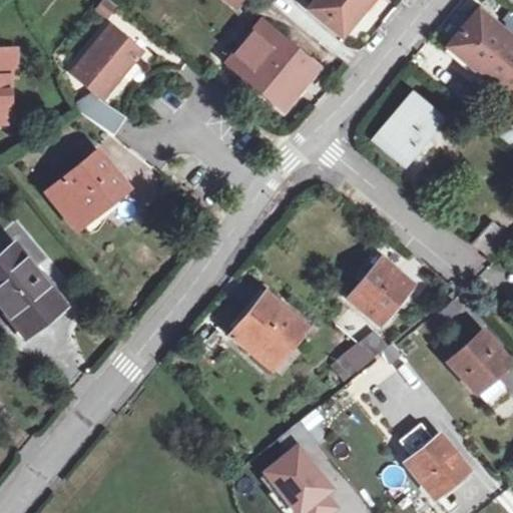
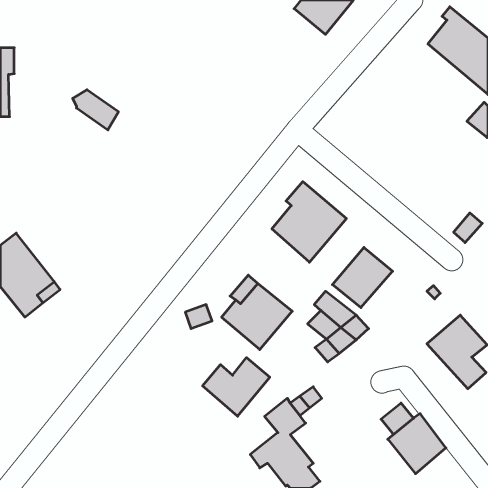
building: [227,22,314,106] -> none
building: [73,25,142,97] -> none
building: [374,92,444,163] -> none
building: [48,149,124,227] -> none
building: none -> [272,182,346,262]
building: none -> [203,358,270,416]

